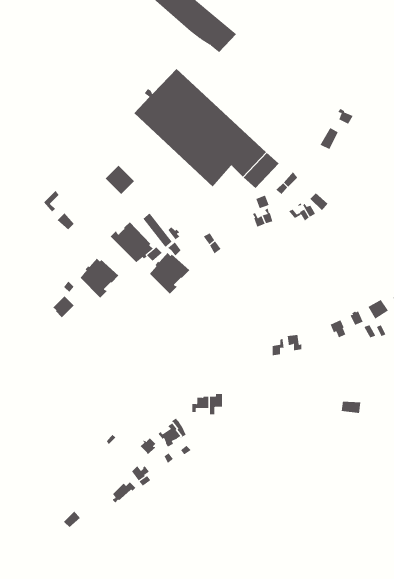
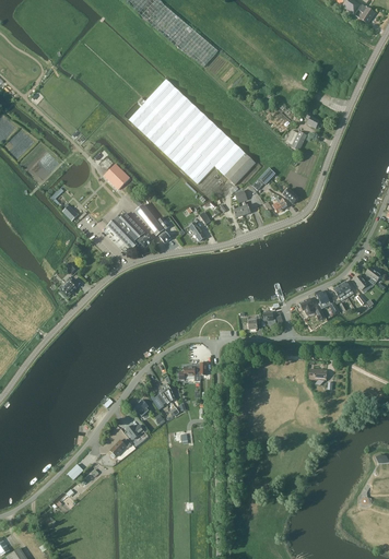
building: [149,252,190,295] -> none
building: [80,258,119,298] -> none

